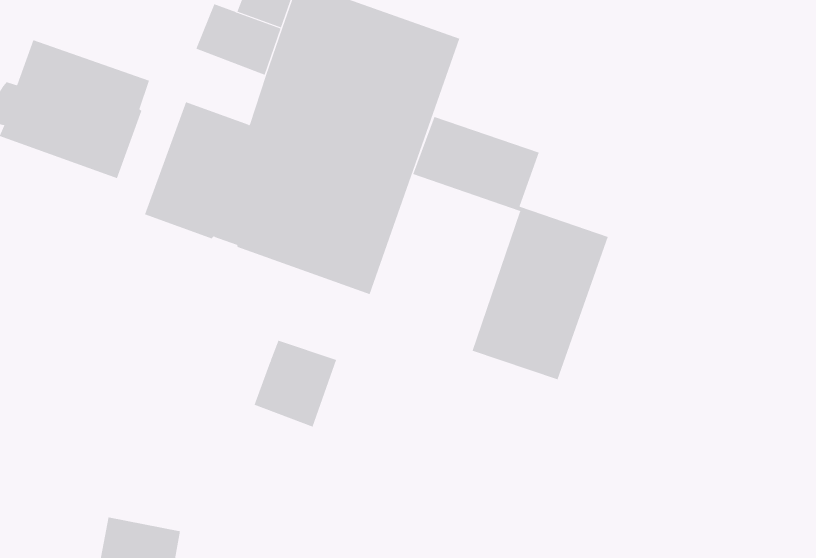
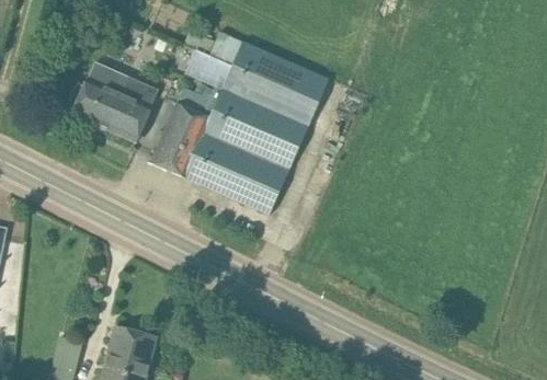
building: [412,116,609,380] -> none
building: [254,340,337,428] -> none

